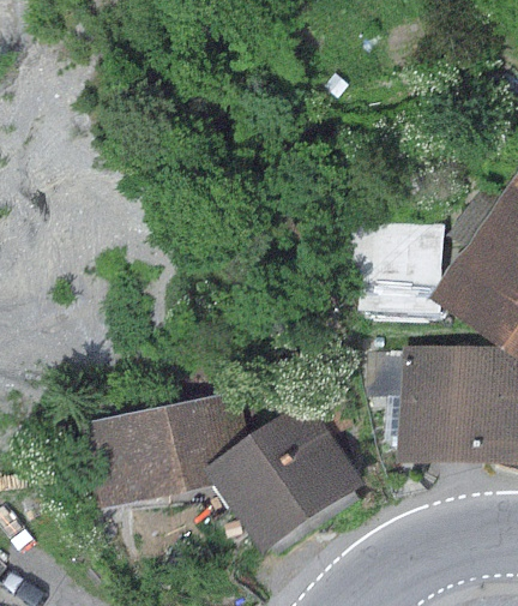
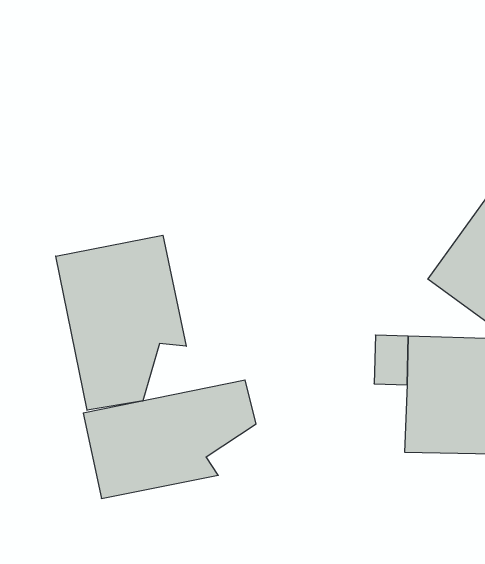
building: none -> [56,235,186,410]
building: [205,398,362,550] -> none

